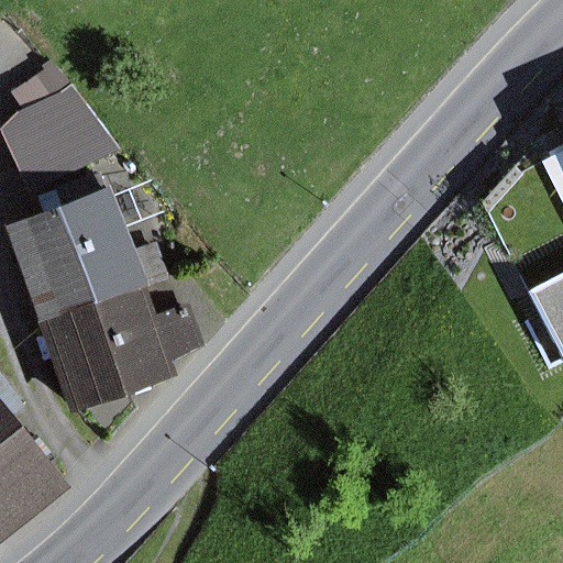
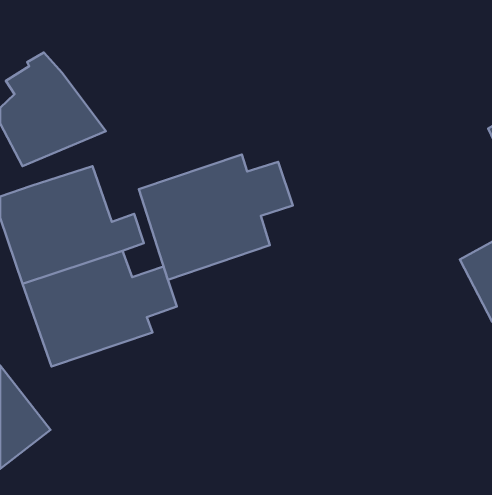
building: none -> [139,154,293,280]

